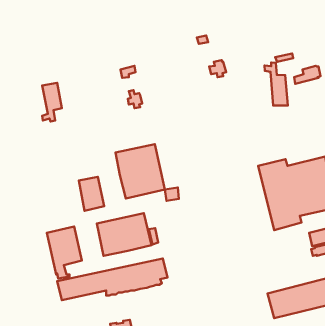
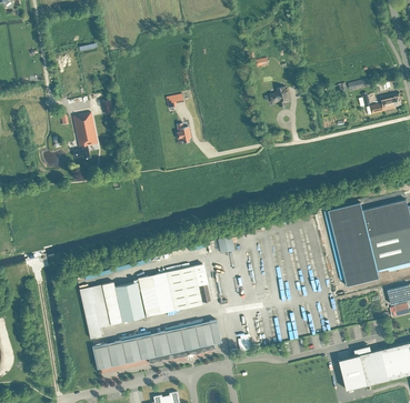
building: [264,63,288,106] -> none
building: [115,144,165,199] -> none
building: [79,177,104,211] -> [113,282,143,322]

